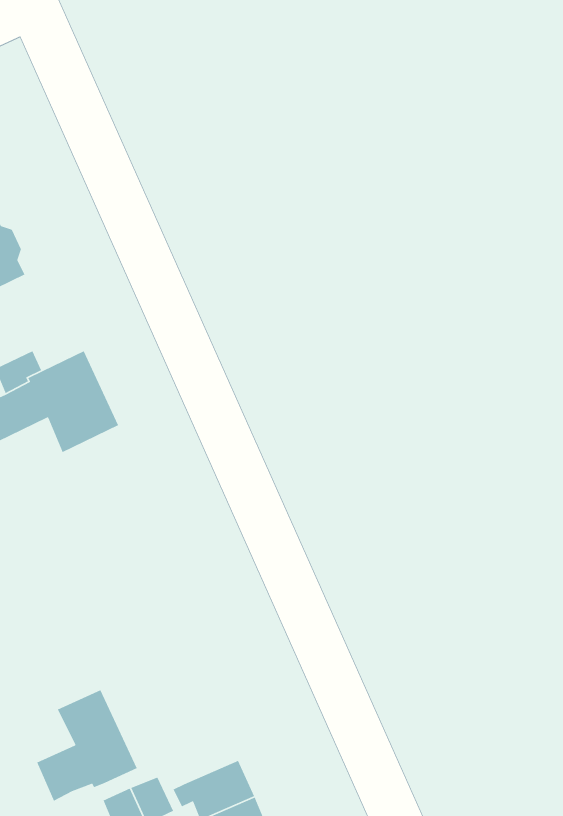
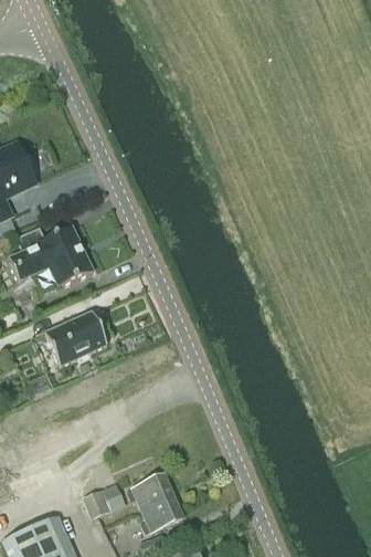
building: none -> [45,311,107,365]
building: [36,689,138,802] -> none

